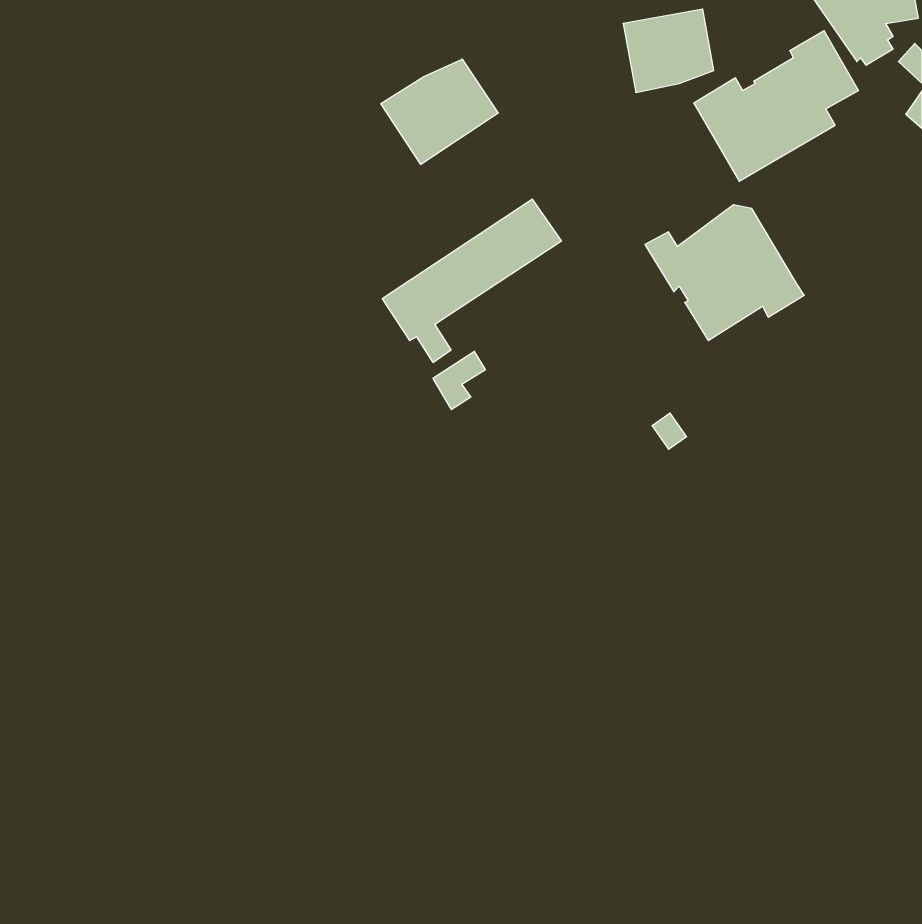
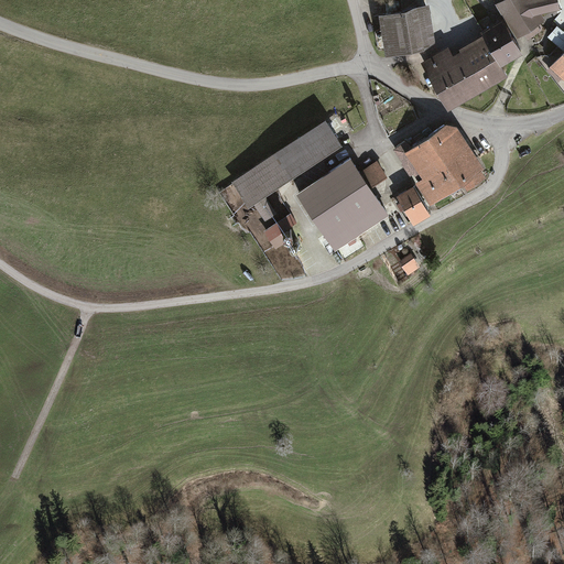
building: [381,59,498,164] -> none
building: none -> [297,158,389,250]
building: none -> [395,186,432,227]

